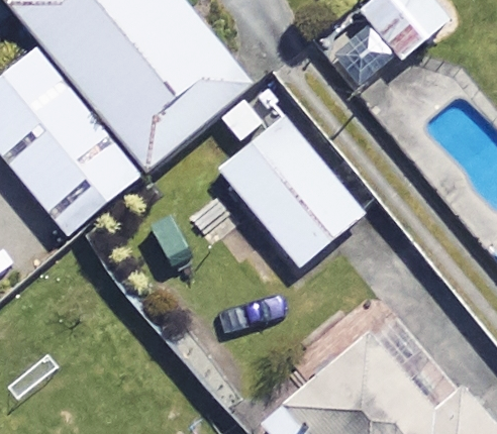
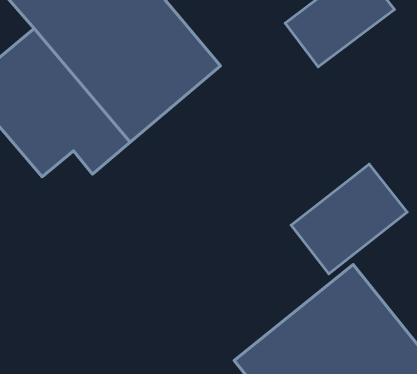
building: [216,115,362,267] -> none
building: none -> [291,164,407,274]

